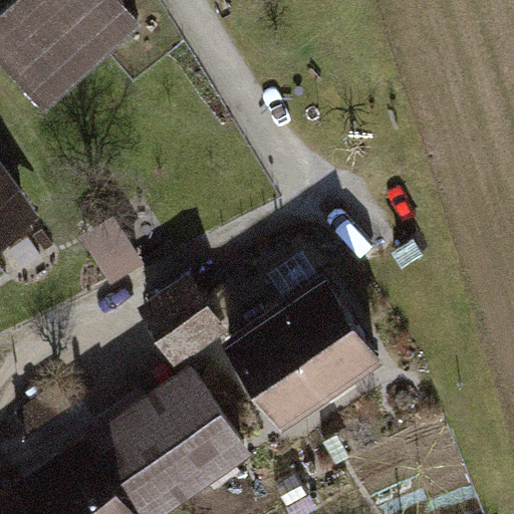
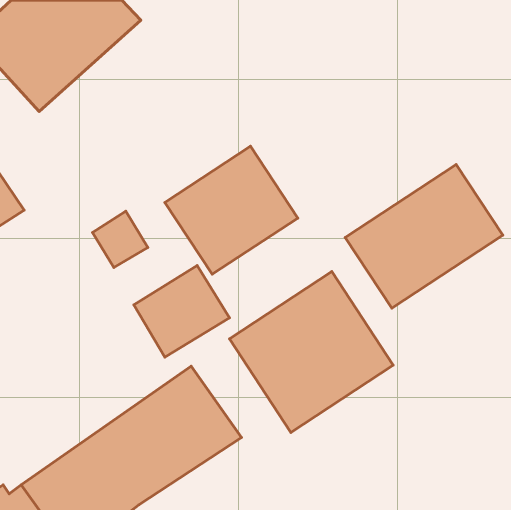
building: none -> [165,146,298,274]
building: none -> [345,164,503,308]

